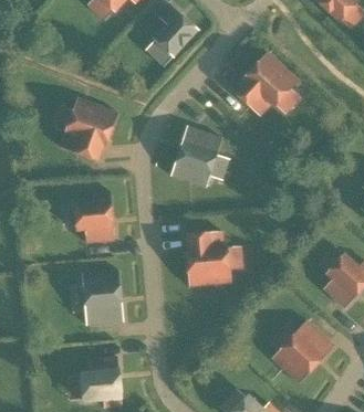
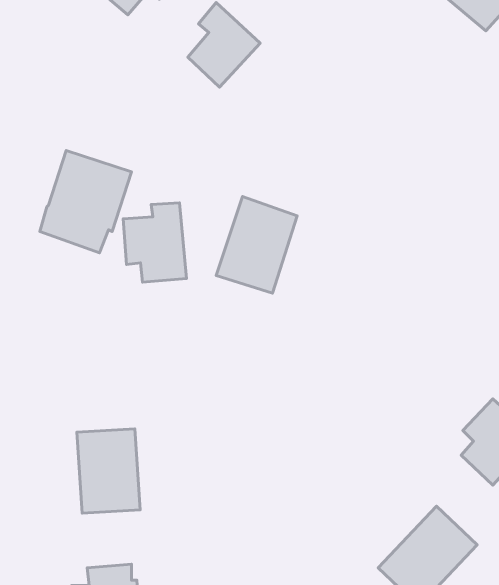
building: [232,52,299,115] -> none
building: [74,192,114,242] -> [123,203,187,282]
building: [185,231,231,287] -> none

